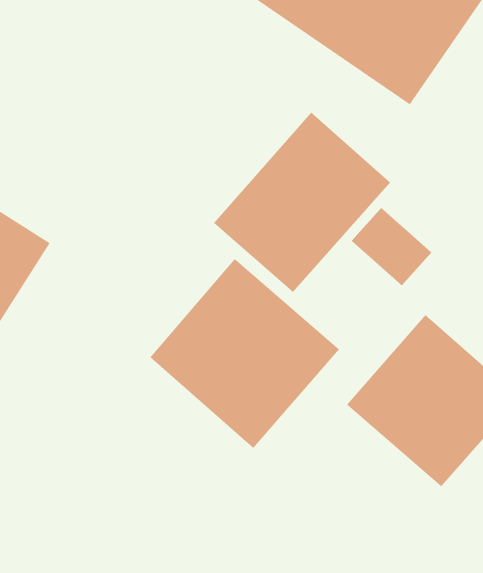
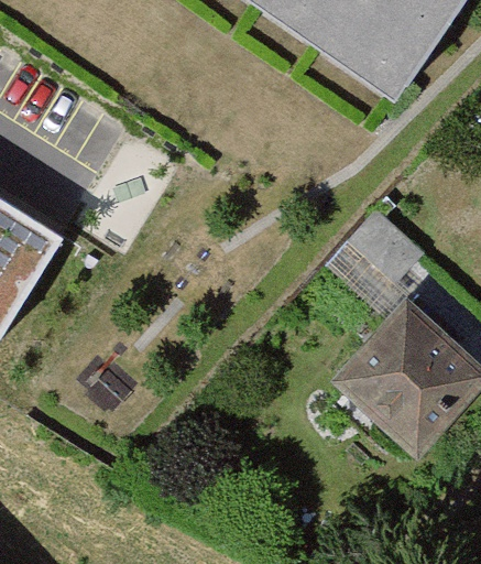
building: [213,112,391,293] -> none
building: [150,258,340,449] -> none

